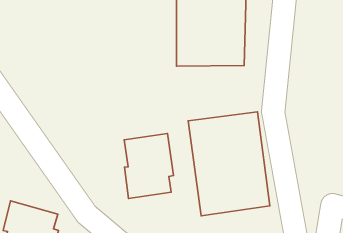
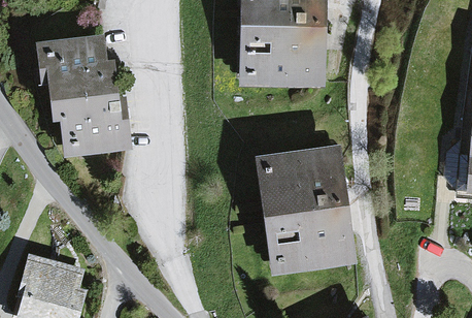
building: none -> [43,42,140,162]
building: [124,133,173,199] -> none

